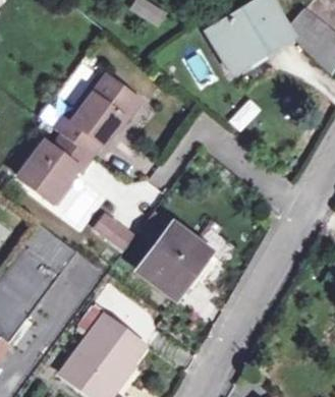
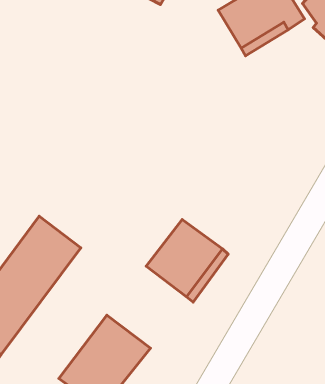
building: [18,75,141,208] -> none
building: [86,210,131,249] -> none

